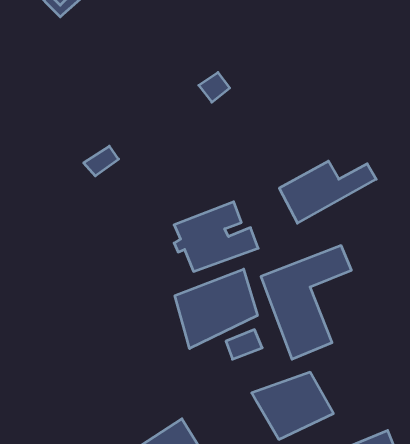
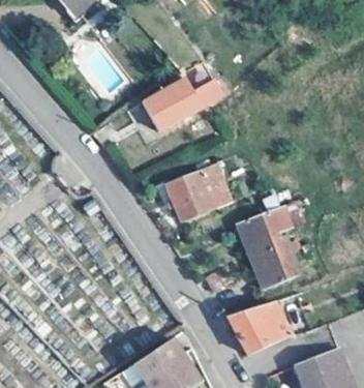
building: [279,161,376,223] -> [146,80,223,129]
building: [175,269,257,349] -> none

